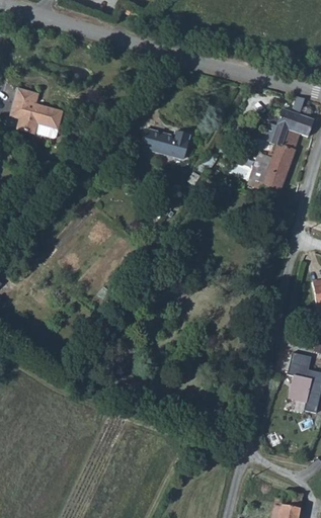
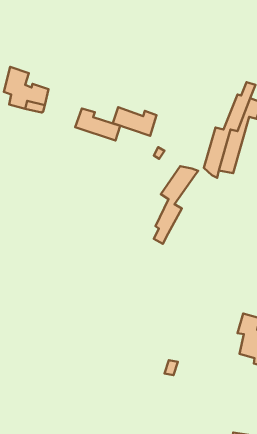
building: none -> [75,108,120,141]
building: none -> [154,166,198,244]

